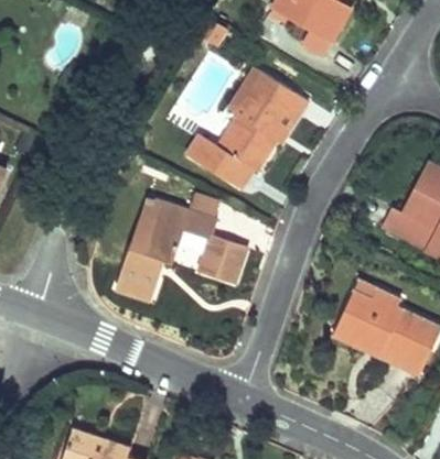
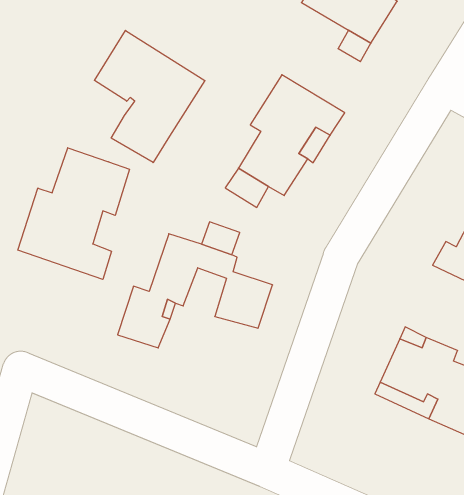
building: none -> [94,30,205,163]
building: none -> [18,148,130,279]

